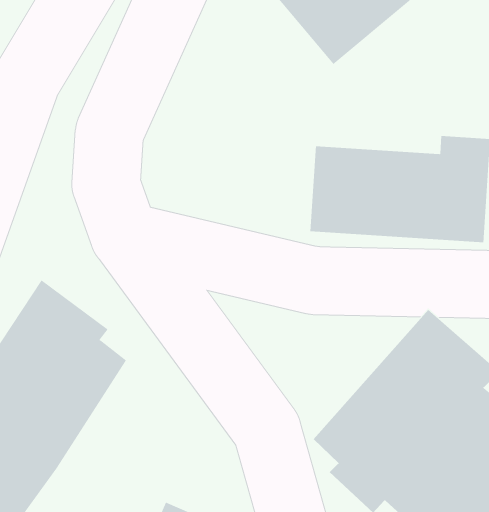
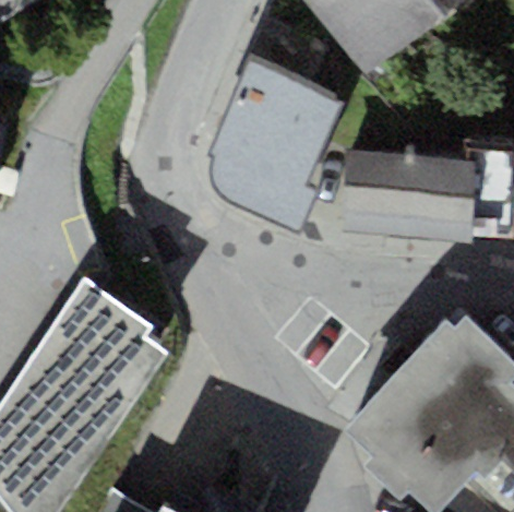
building: none -> [206,53,343,226]

